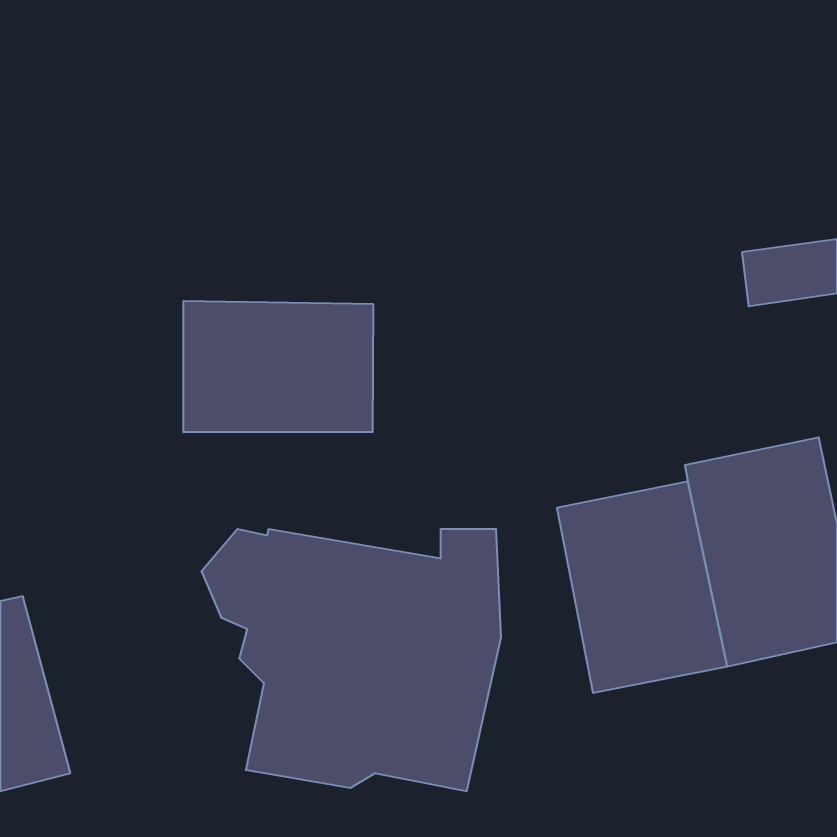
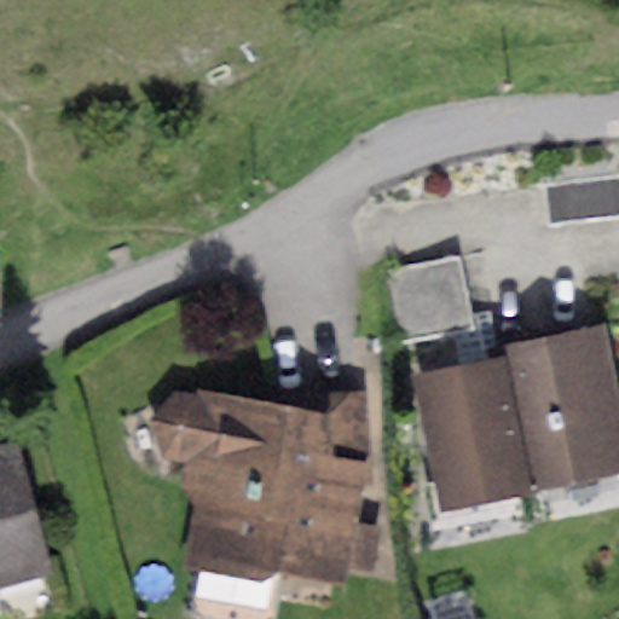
building: [183,301,373,432] -> none
building: none -> [382,256,469,339]

